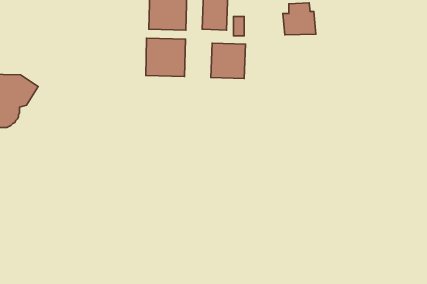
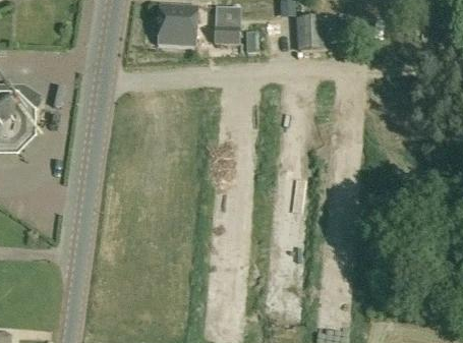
building: [146,38,185,77] -> none
building: [211,43,245,78] -> none

